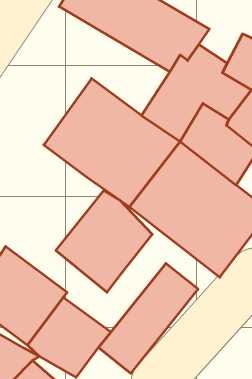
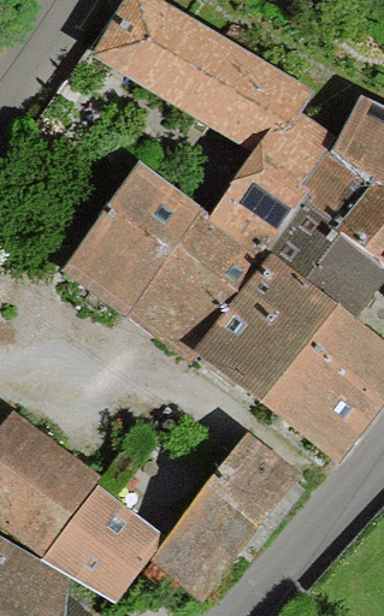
building: [56,191,152,292] -> none

